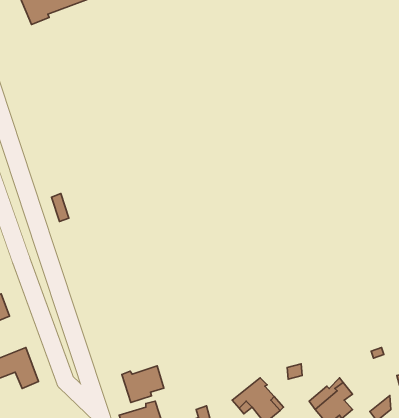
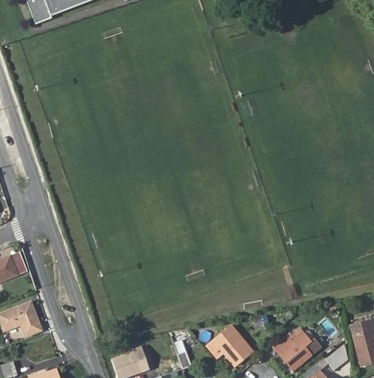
building: [122,366,164,403] -> none

